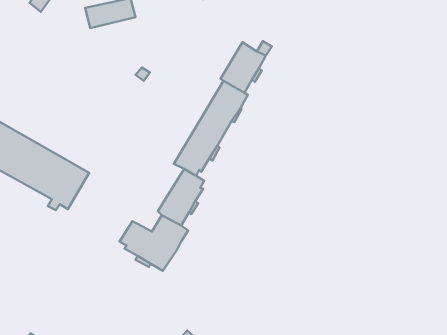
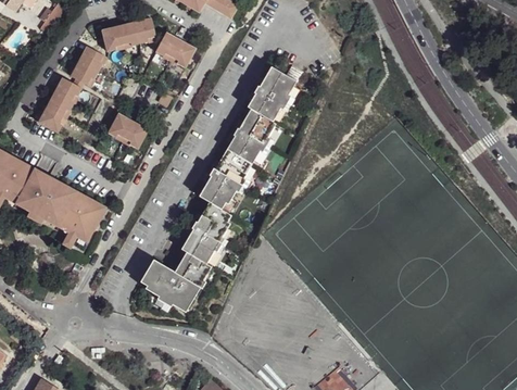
building: none -> [154,33,193,70]
building: none -> [67,50,109,91]
building: none -> [31,77,81,134]
building: none -> [105,118,146,155]

